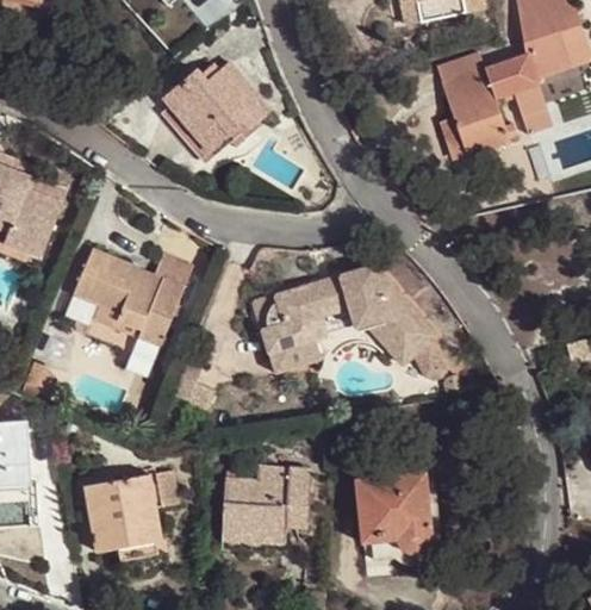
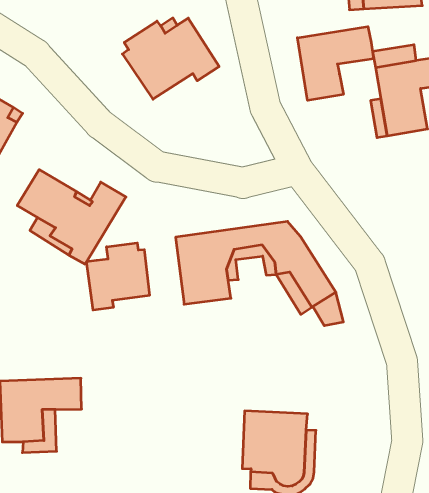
building: none -> [297,27,373,100]
building: none -> [87,243,149,310]
building: [220,463,309,548] -> none

